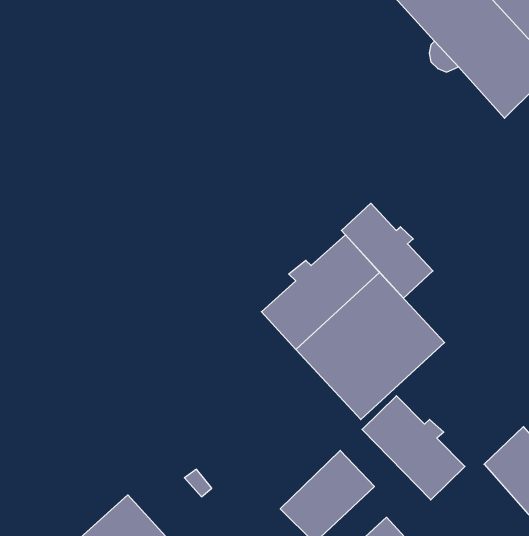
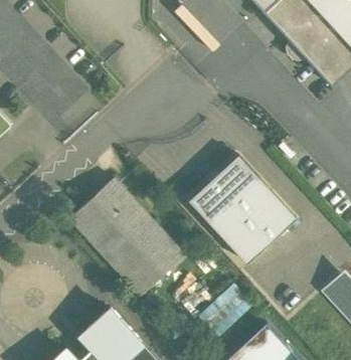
building: [341,203,433,298] -> none
building: none -> [69,179,183,294]
building: [362,396,465,500] -> none

